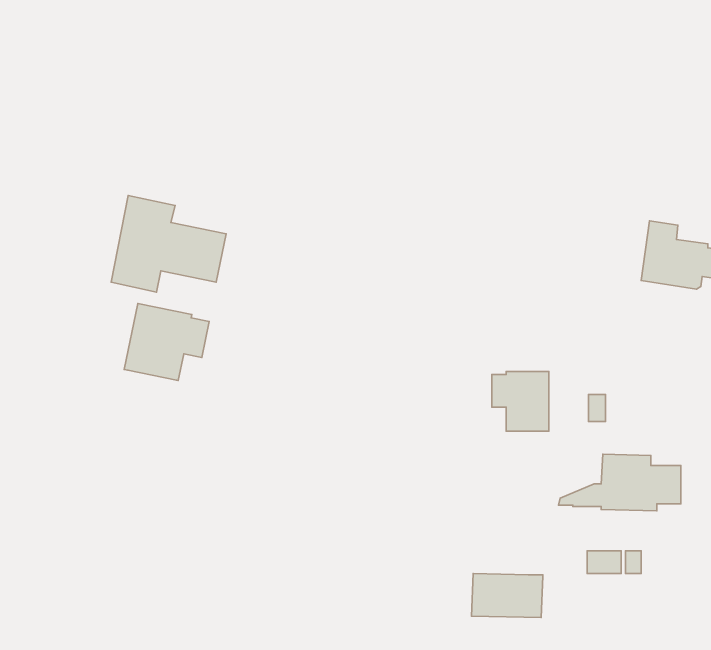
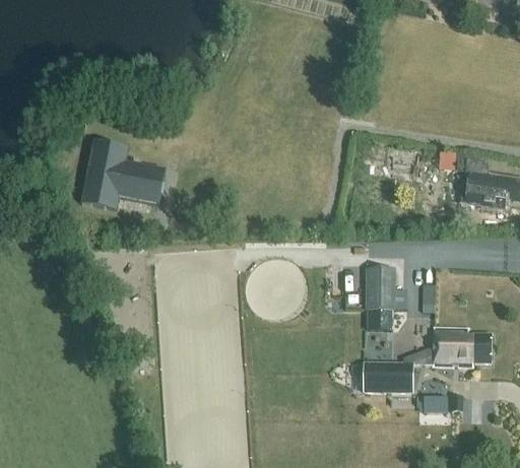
building: [124,303,209,381] -> none
building: none -> [366,310,393,330]
building: [472,573,543,617] -> [362,361,412,393]

